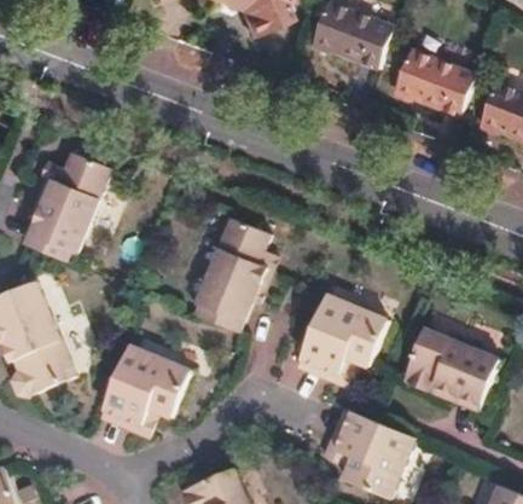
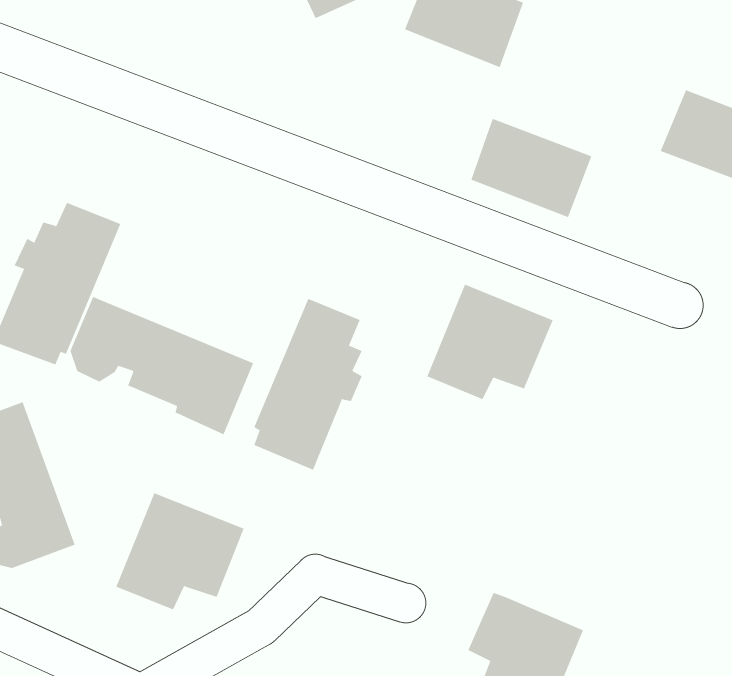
building: [382,44,463,110] -> [470,118,592,218]
building: none -> [70,296,254,435]
building: [300,294,384,371] -> [427,284,554,400]
building: [403,330,495,401] -> none

